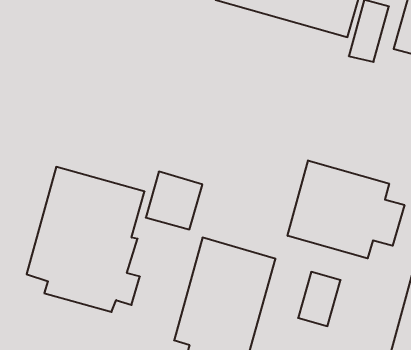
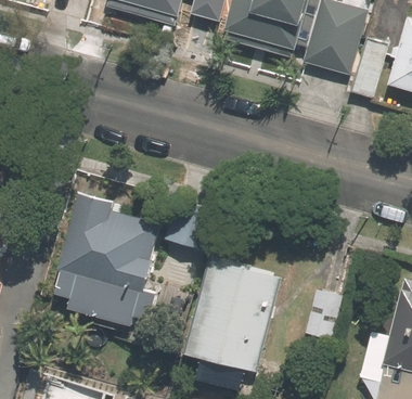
building: [288,160,404,258] -> none

